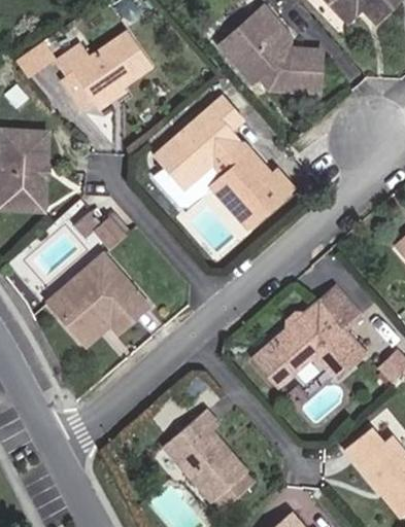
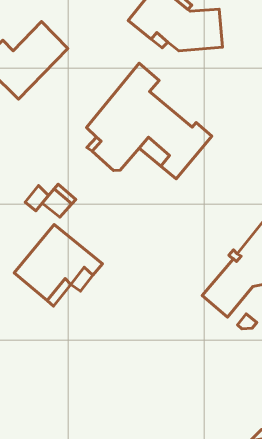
building: [163,410,246,501] -> none

